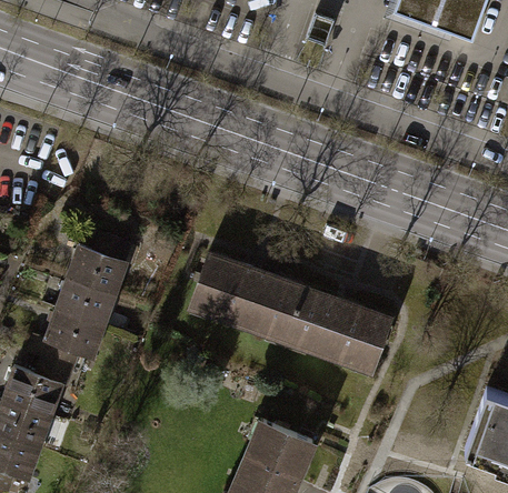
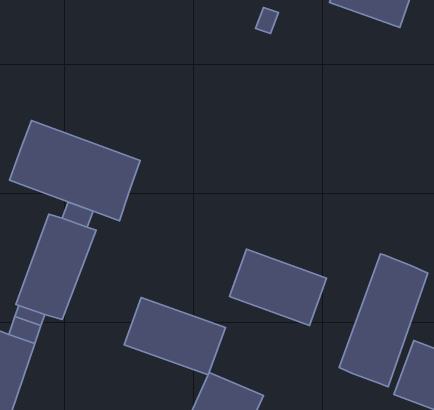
building: none -> [10,120,140,221]
building: [186,252,298,338] -> [124,298,225,375]
building: none -> [339,254,428,387]

